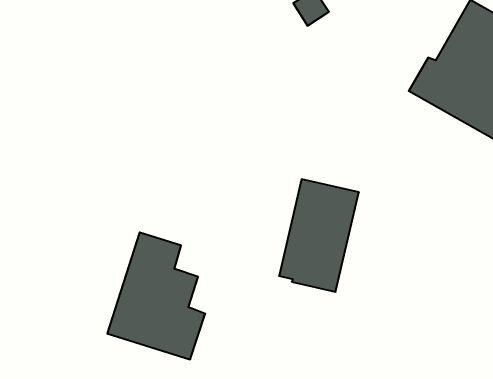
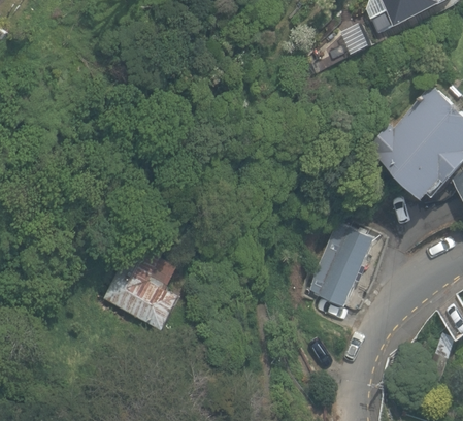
building: [279,179,359,292] -> [308,218,382,311]

